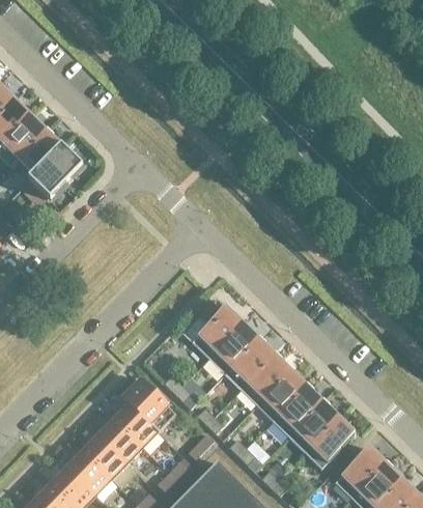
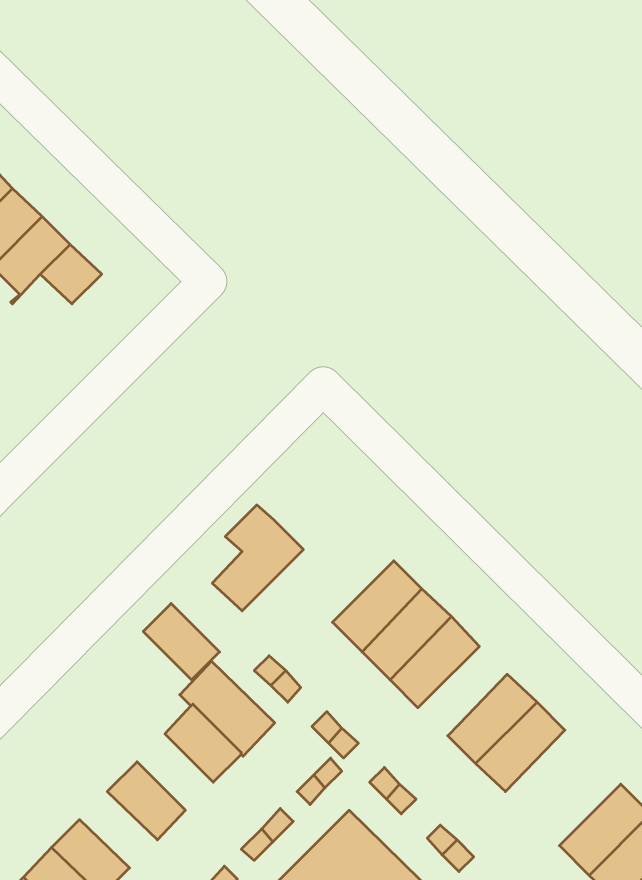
building: [30,163,63,196] -> none
building: [192,298,243,357] -> [212,505,303,611]
building: [256,370,306,420] -> none
building: [305,417,355,468] -> none
building: [100,419,142,461] -> [143,603,220,680]
building: [67,451,111,493] -> none

